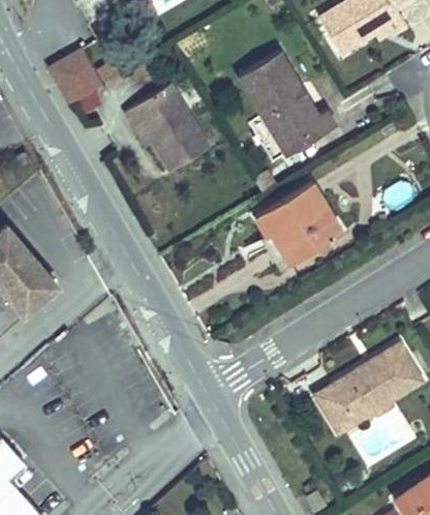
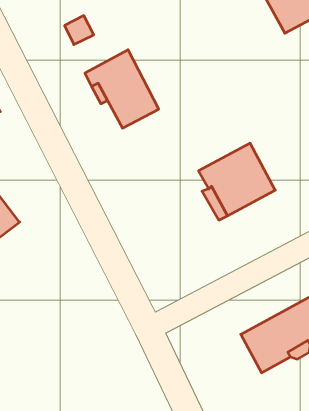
building: [51,50,103,104] -> none
building: [239,52,335,155] -> none

